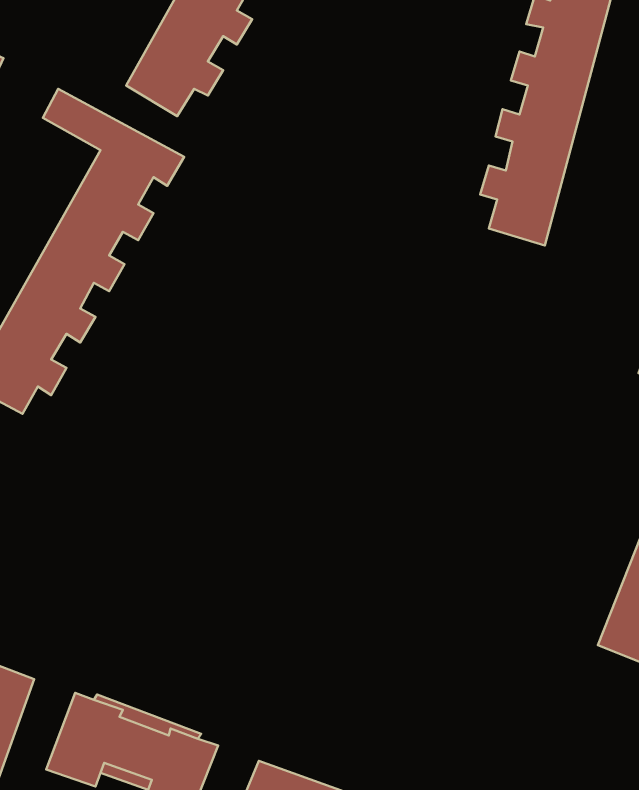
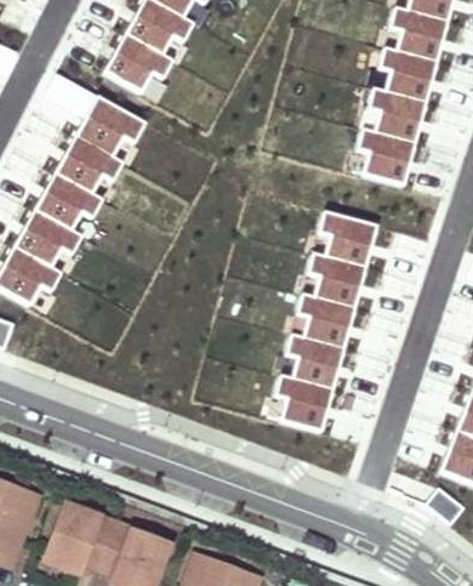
building: none -> [275,212,377,431]

